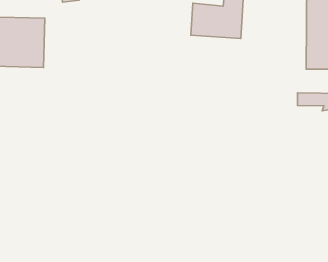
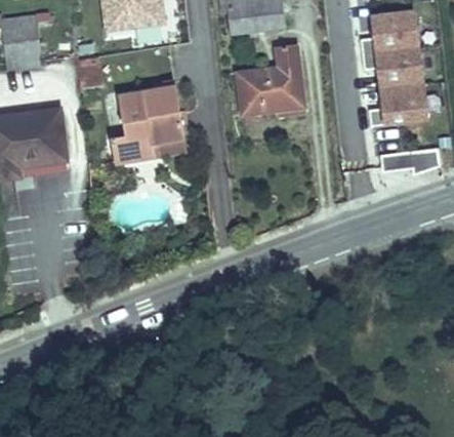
building: none -> [116,84,189,158]

